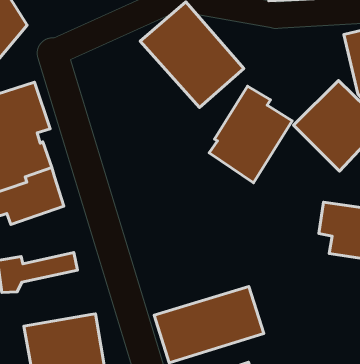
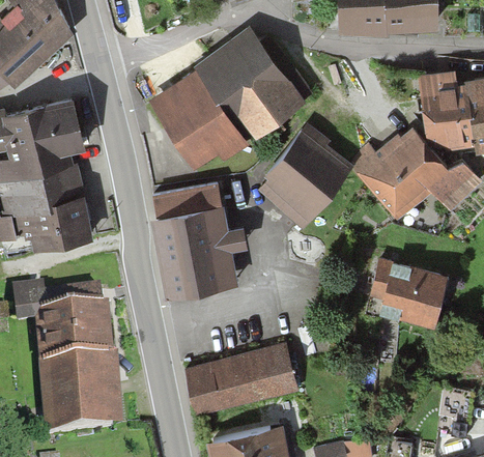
building: none -> [145,63,253,169]
building: none -> [148,184,251,296]
building: none -> [34,307,113,364]

